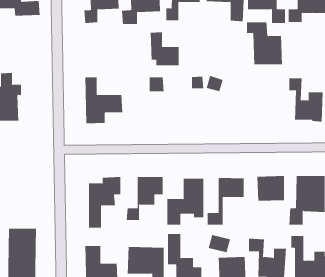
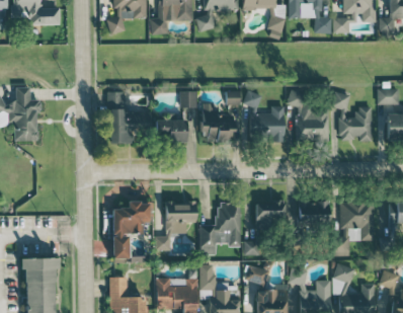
building: [246,22,283,65] -> [289,93,329,141]
building: [150,32,179,66] -> [200,103,233,141]
building: none -> [252,106,285,143]
building: none -> [156,113,187,143]

